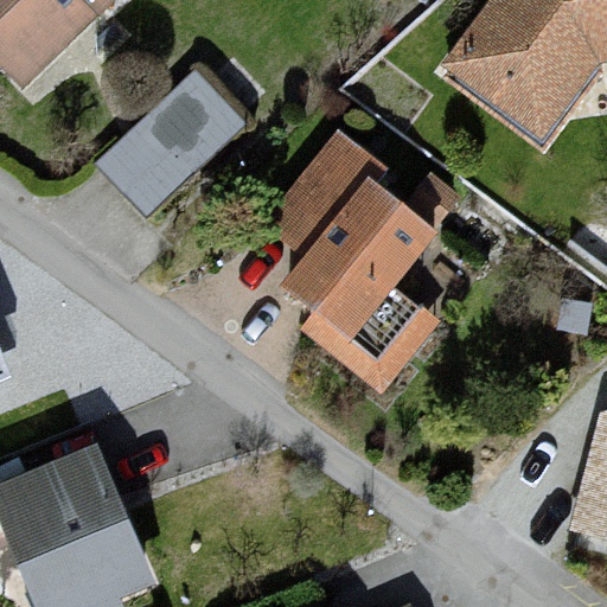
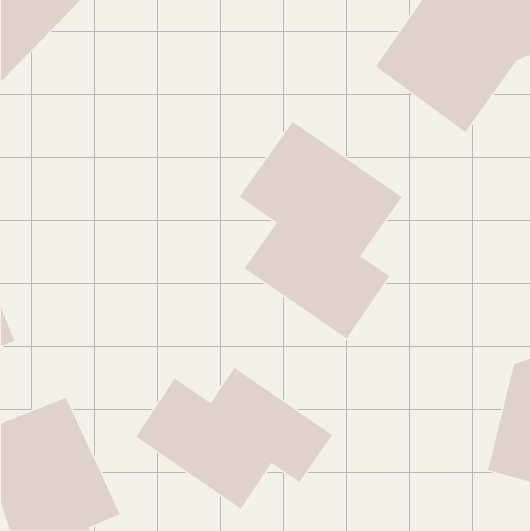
building: [106,63,255,209] -> none
building: none -> [135,367,333,510]

